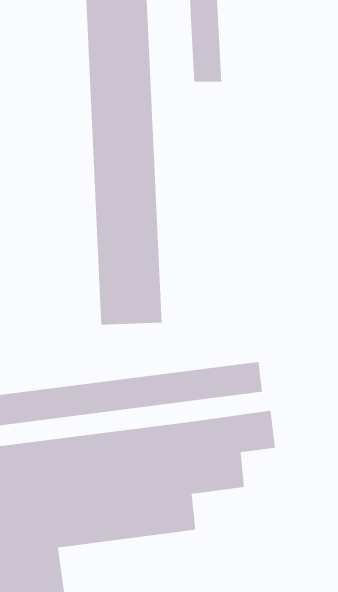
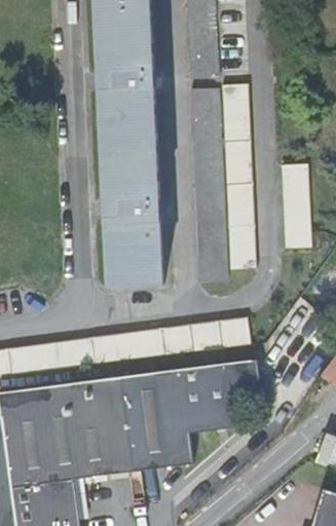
building: none -> [219,87,255,273]
building: none -> [189,90,223,281]
building: none -> [278,165,309,251]

